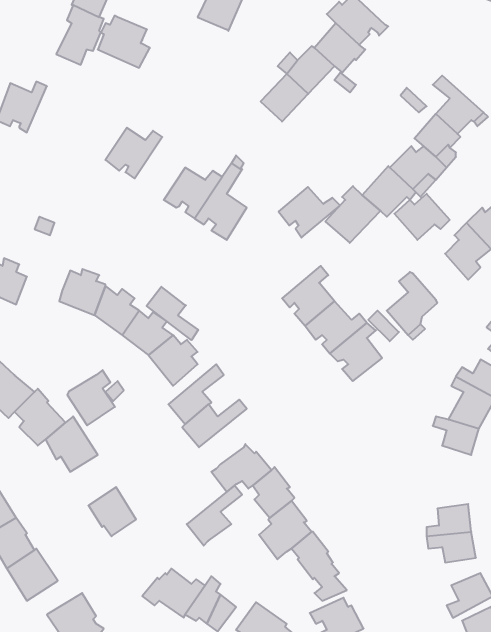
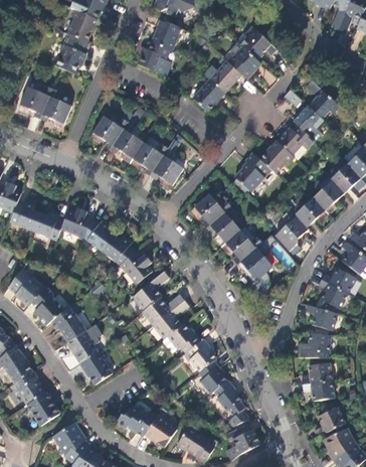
building: [98,16,150,68] -> [138,41,172,75]
building: none -> [39,88,71,128]
building: none -> [110,121,143,162]
building: [279,187,340,238] -> [191,193,231,226]
building: [394,194,450,240] -> [292,197,328,227]
building: none -> [32,210,62,240]
building: [147,287,198,340] -> none
building: [67,370,115,425] -> [66,326,98,362]
building: none -> [298,332,329,356]
building: [187,486,242,546] -> [152,299,188,338]

